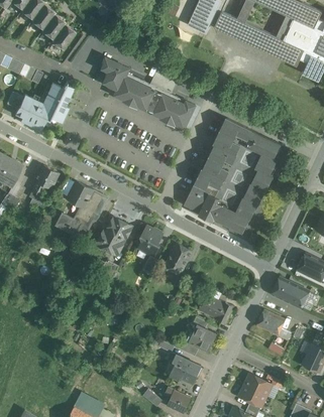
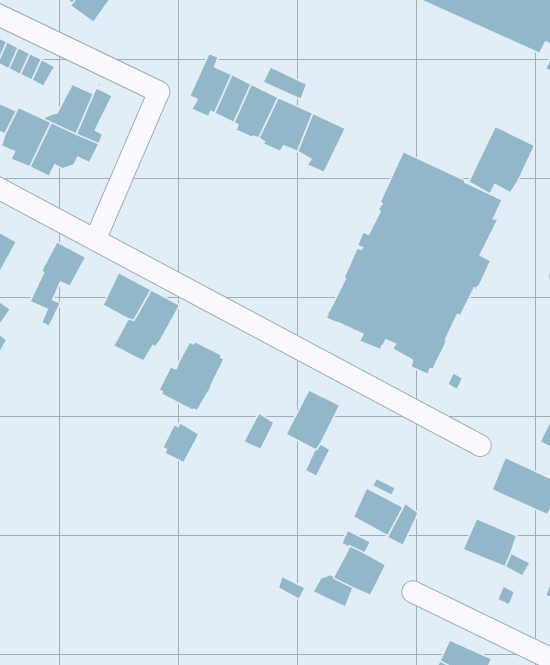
building: [100,57,123,89] -> none
building: none -> [468,126,535,194]
building: [56,213,89,239] -> none
building: [138,226,161,255] -> none
building: [169,353,200,382] -> none

